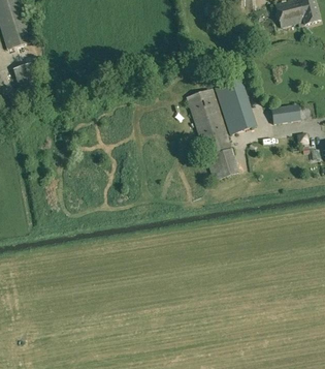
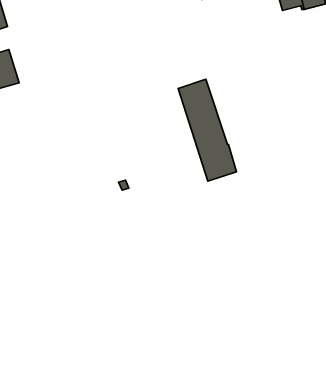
building: [215,79,254,132] -> none
building: [269,102,299,123] -> none

